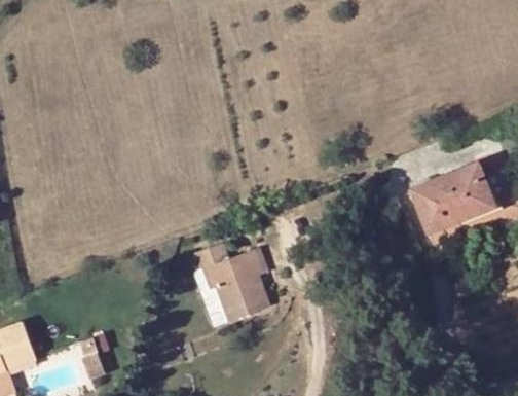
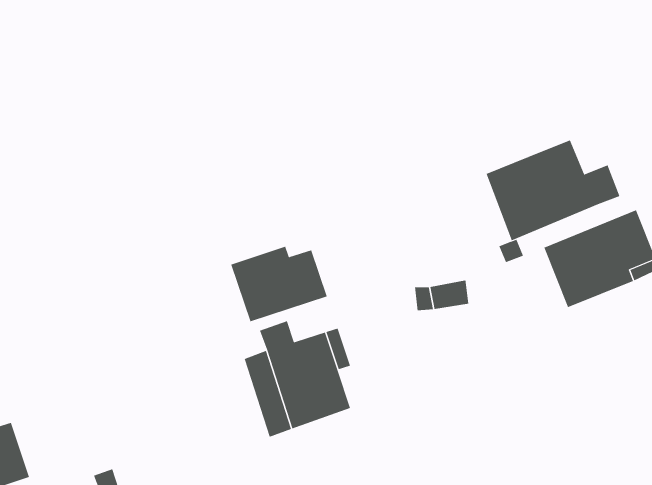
building: none -> [486,140,620,241]
building: none -> [231,246,328,322]

